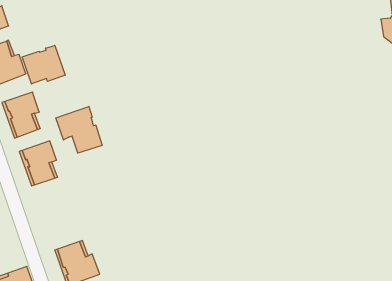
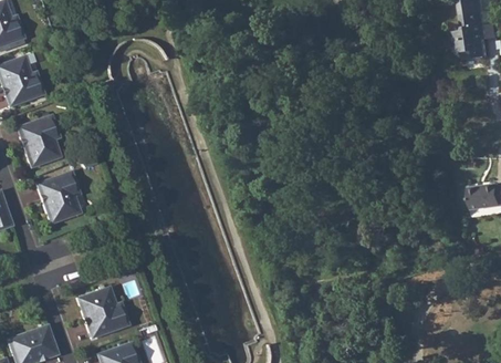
building: [22,45,65,84] -> none
building: [56,106,102,153] -> none

